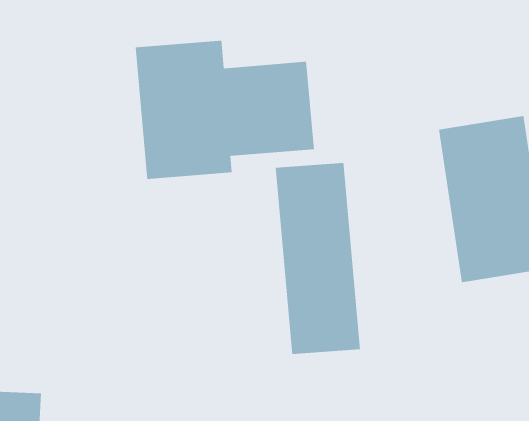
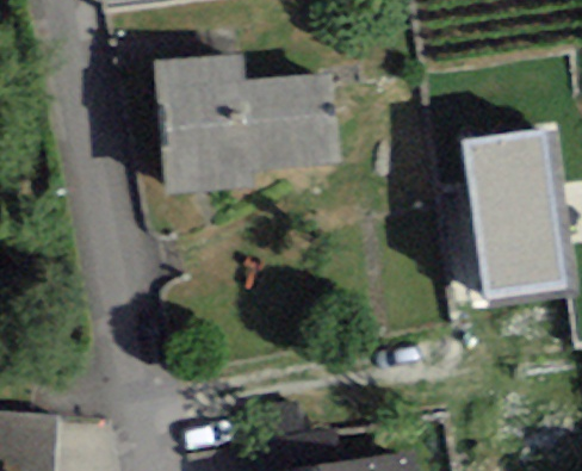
building: [275,162,360,355] -> none

